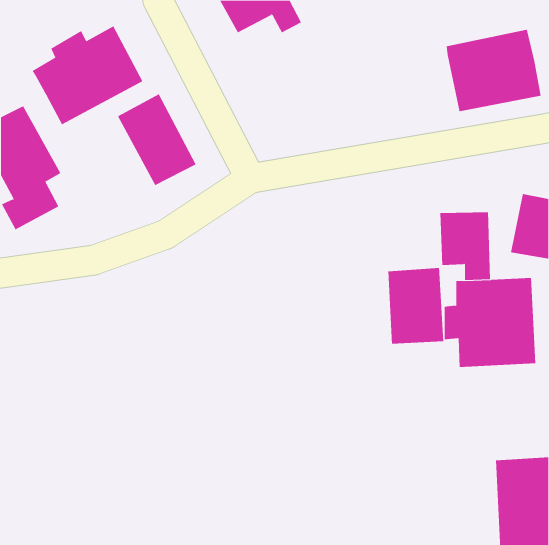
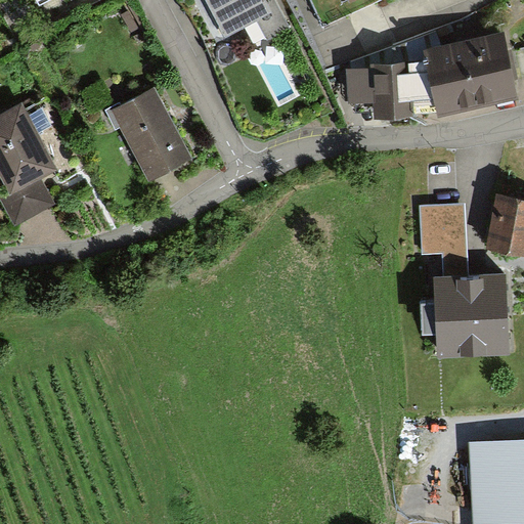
building: [32,25,143,125] -> none
building: none -> [349,56,437,113]
building: [388,267,444,344] -> none

